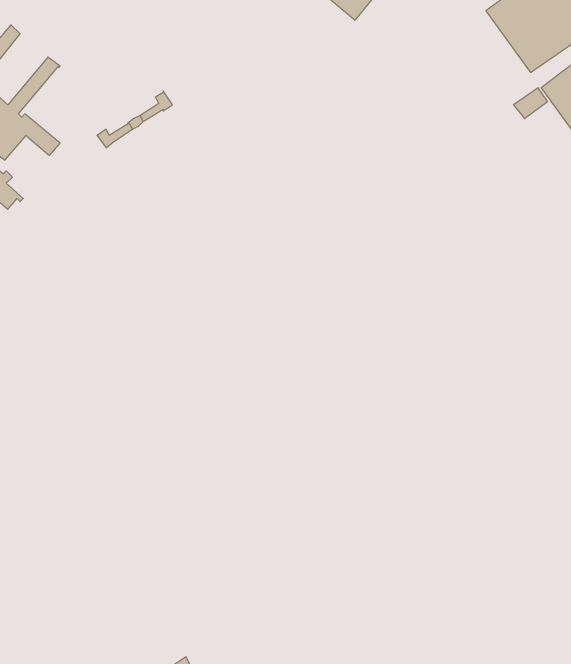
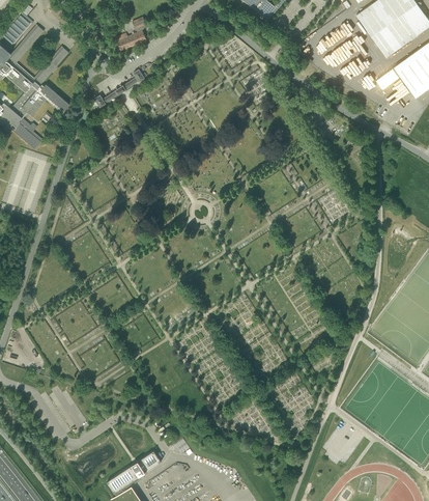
building: none -> [115,17,147,51]

